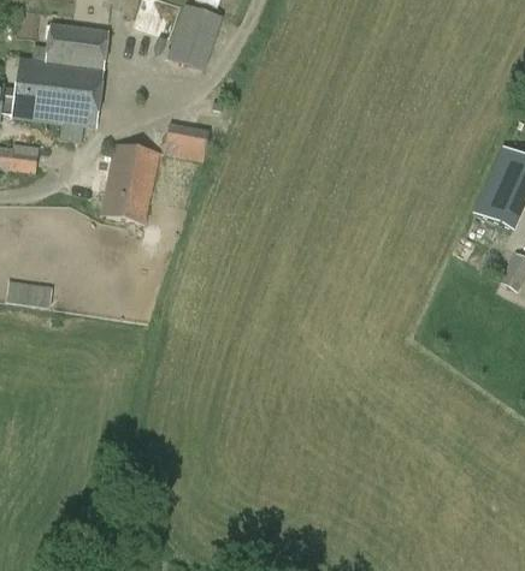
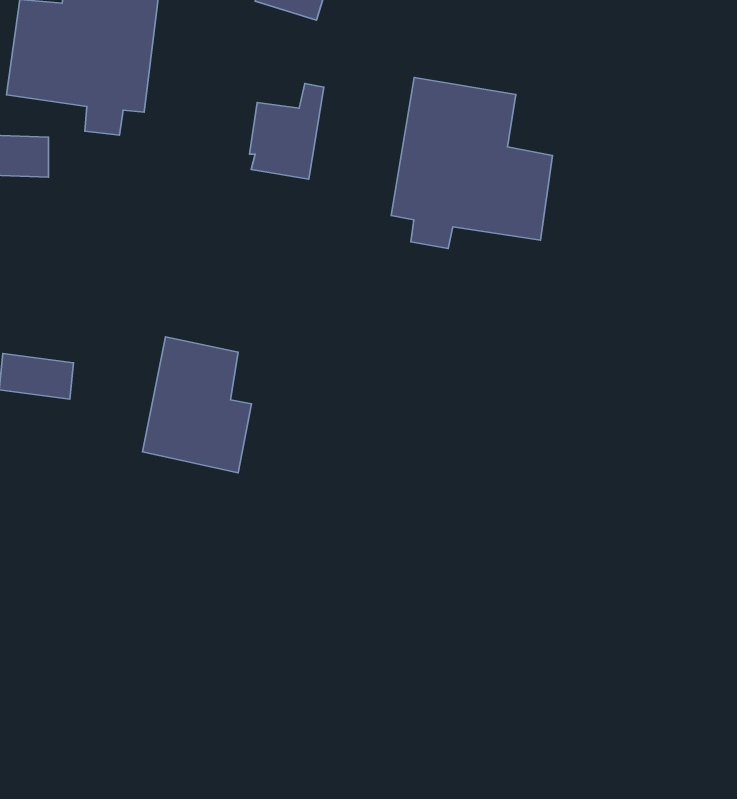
building: none -> [391,78,553,248]
building: [99,141,167,226] -> [143,337,252,473]

